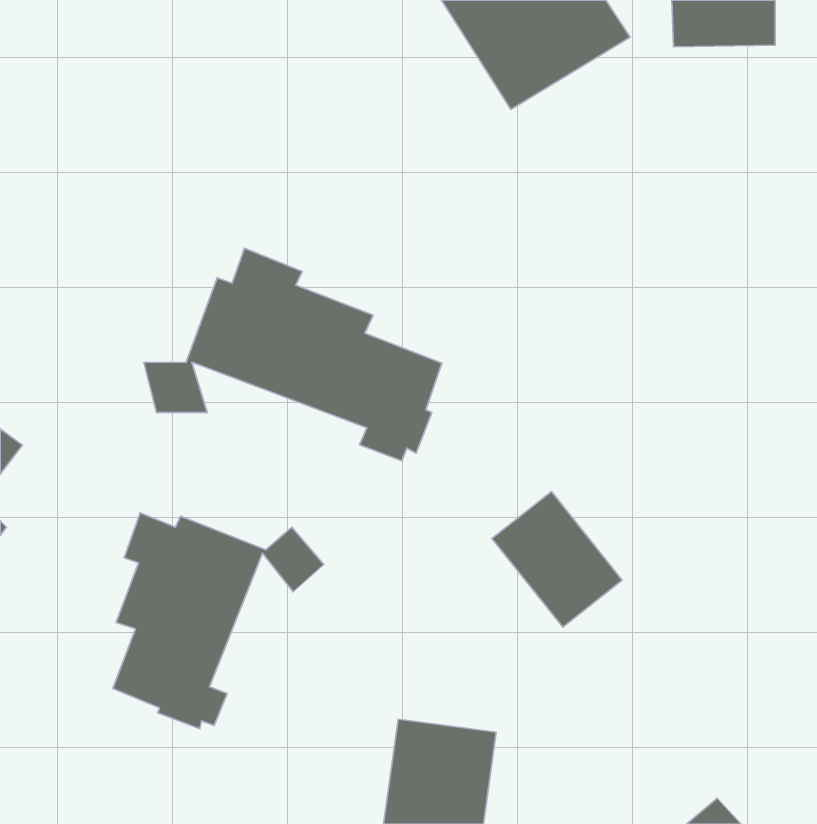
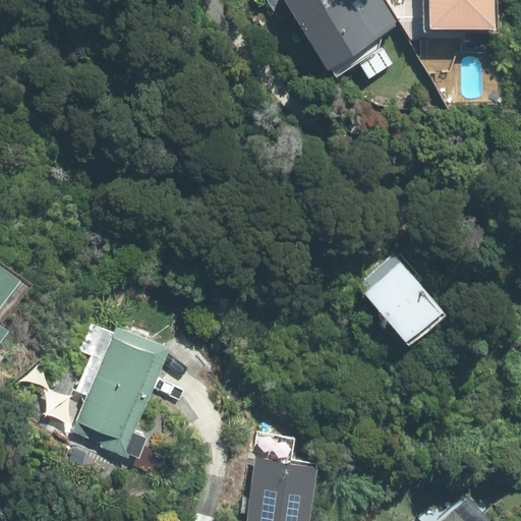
building: [144,248,442,461] -> none
building: [492,492,622,627] -> [357,255,440,341]

